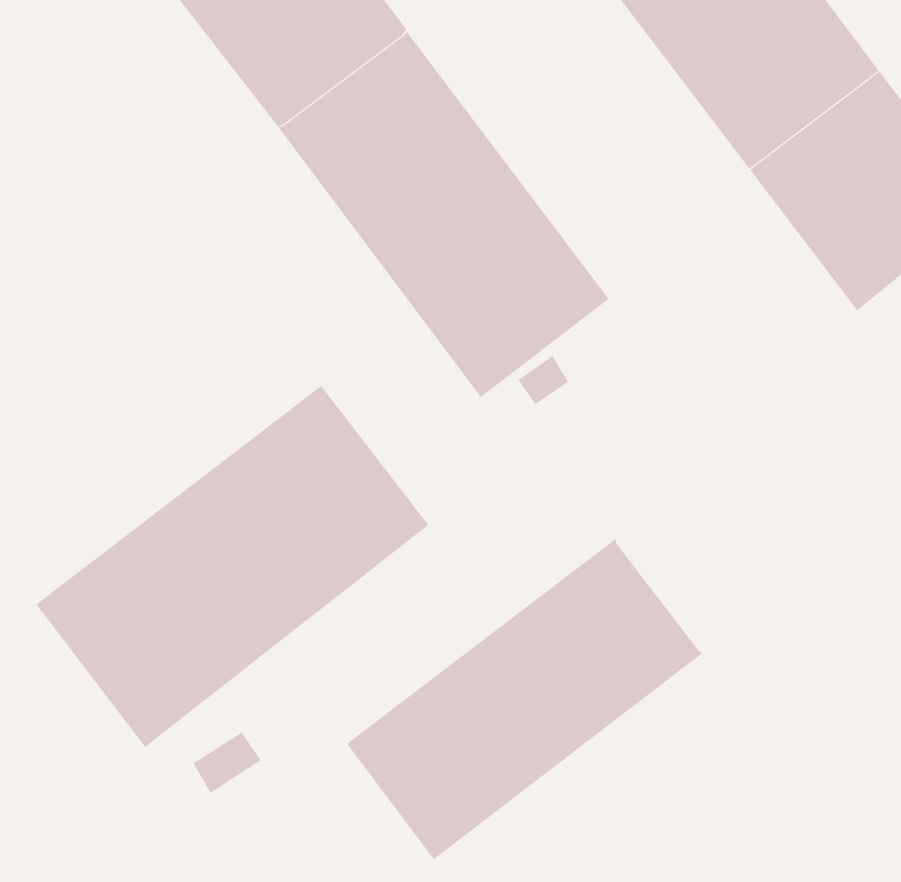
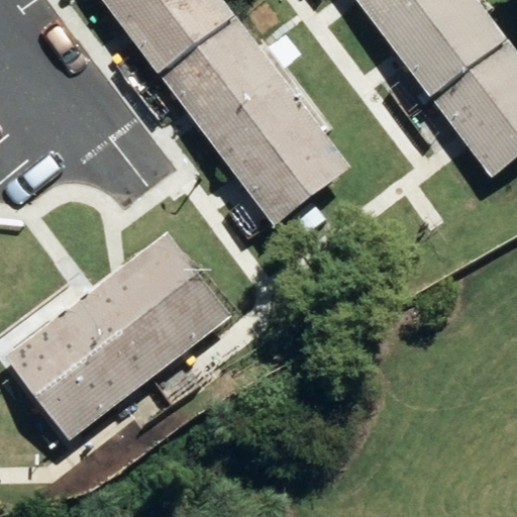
building: [346,538,704,860] -> none

